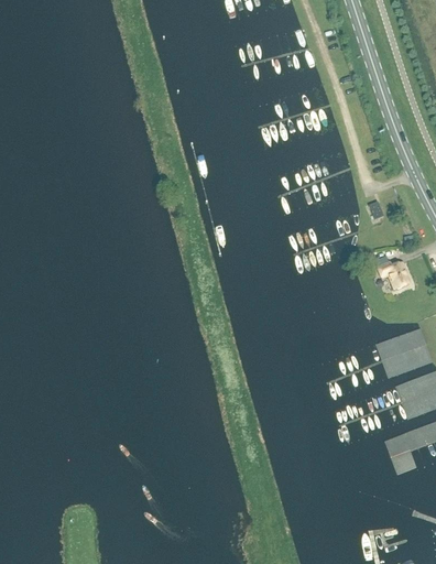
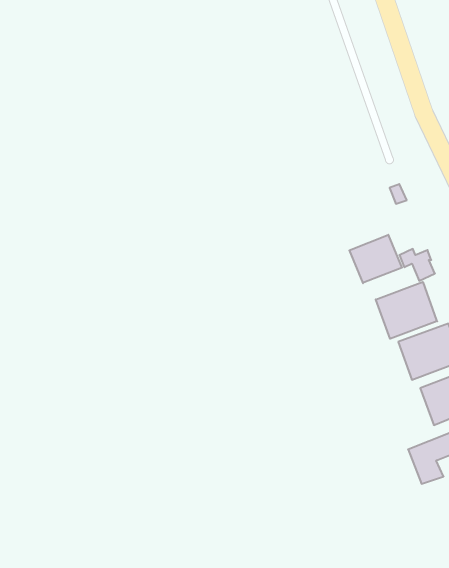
building: none -> [349,235,402,283]
building: none -> [376,282,437,339]

